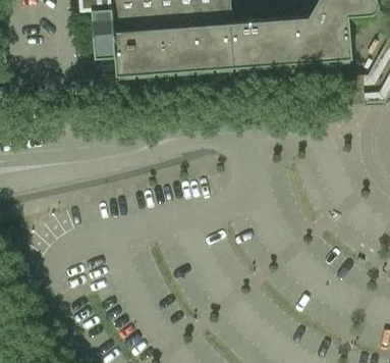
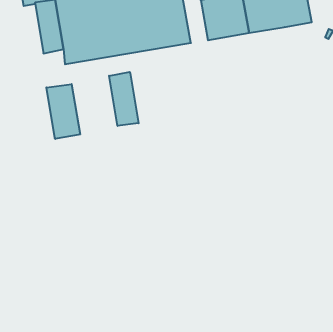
building: none -> [109,72,139,126]
building: none -> [46,84,80,139]

